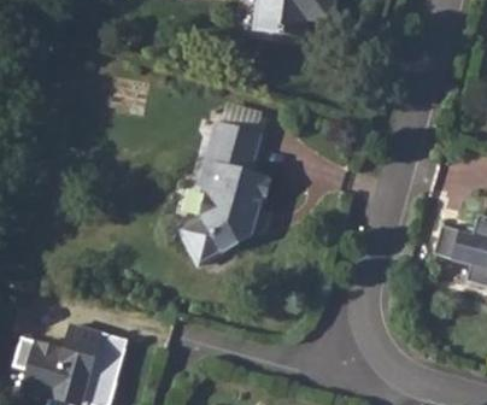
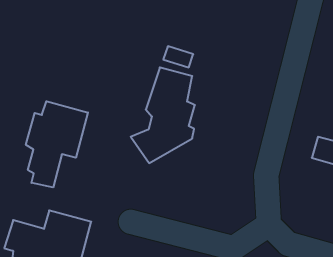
building: none -> [26,101,88,187]

